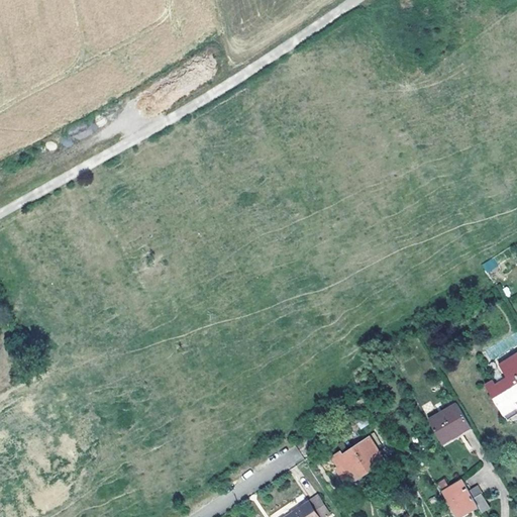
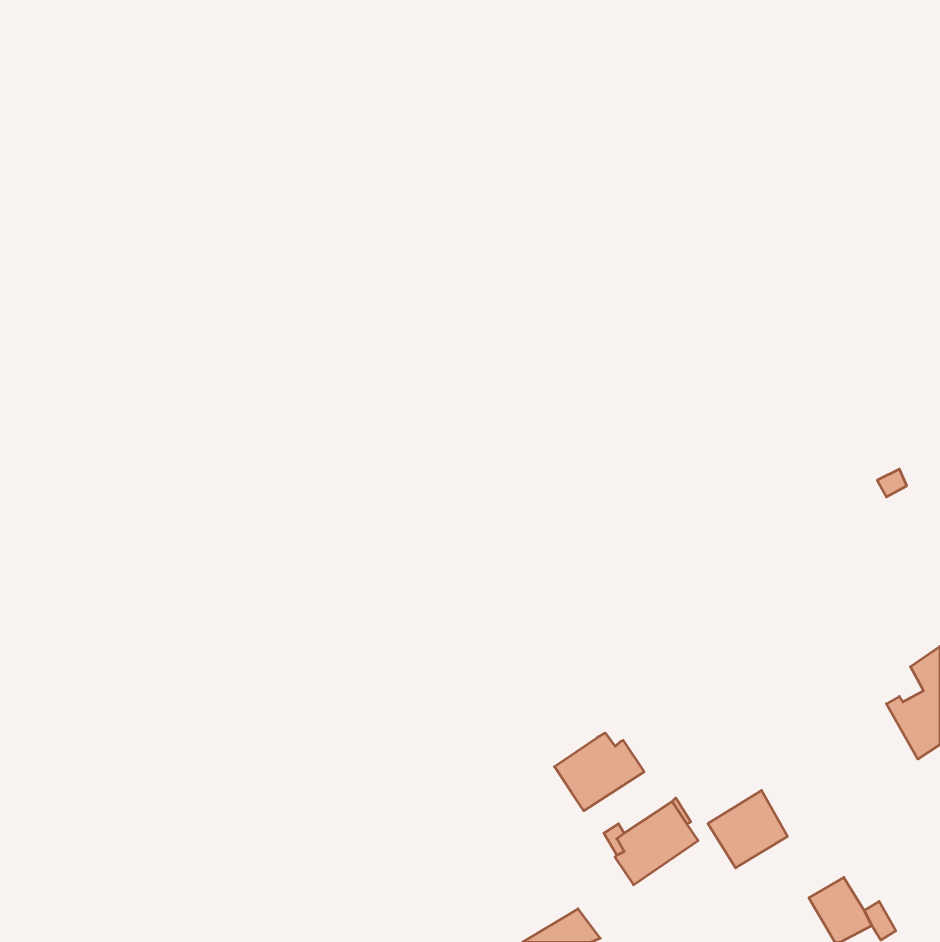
building: none -> [554,733,644,811]
building: [426,402,470,444] -> [708,790,787,868]

